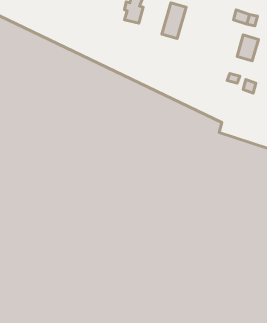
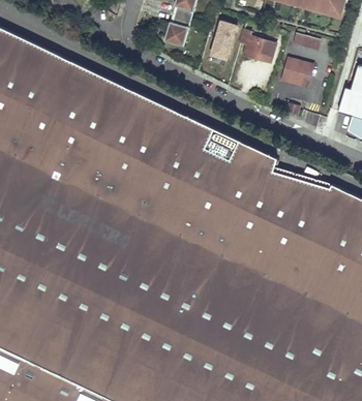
building: none -> [241,31,277,63]
building: none -> [280,56,304,85]

